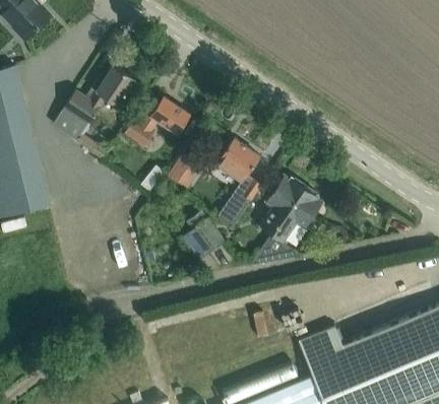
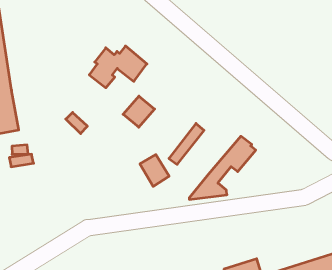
building: [53,65,135,142] -> none
building: [214,137,261,185] -> none
building: [258,177,304,235] -> none

